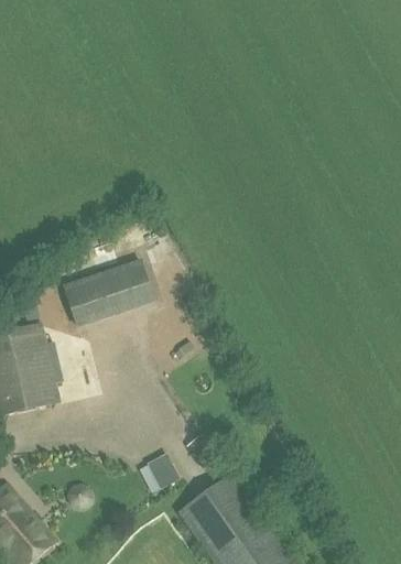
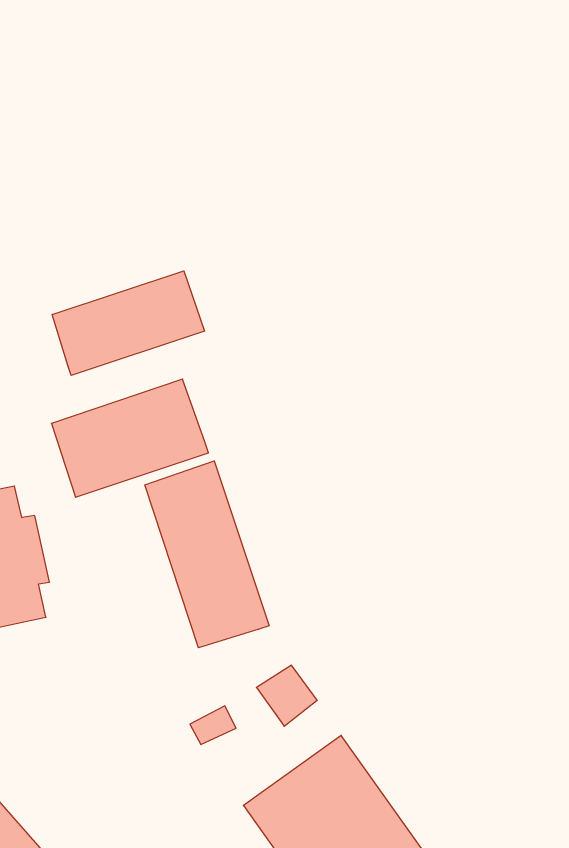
building: none -> [52,271,205,375]
building: none -> [145,461,269,648]

